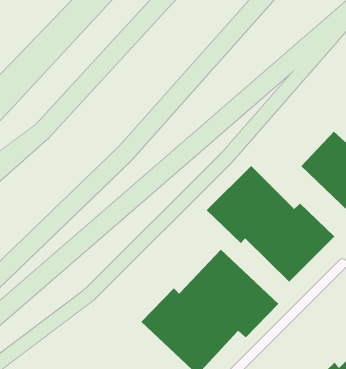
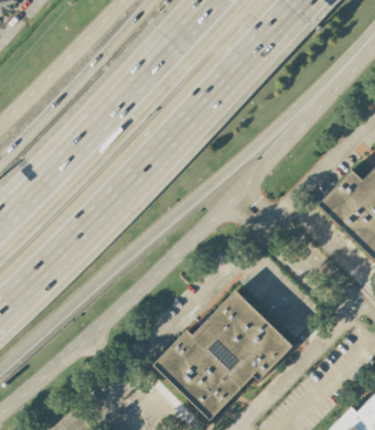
building: [206,165,335,282] -> none

